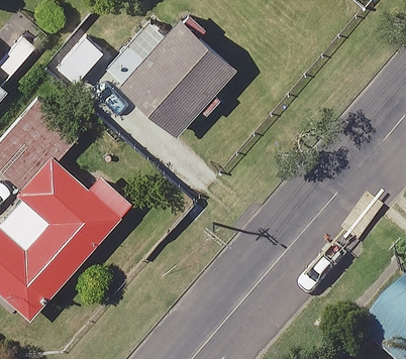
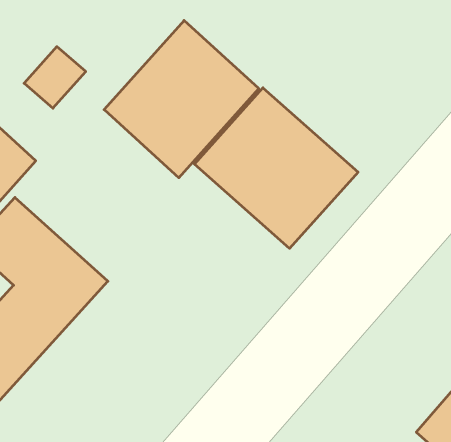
building: none -> [194,88,358,248]

